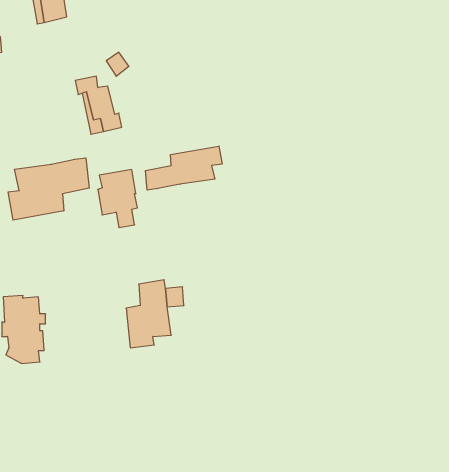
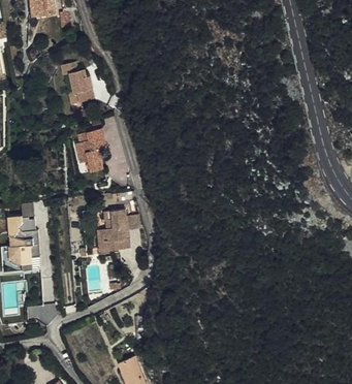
building: [145,146,222,190] -> none
building: [8,158,89,220] -> none

